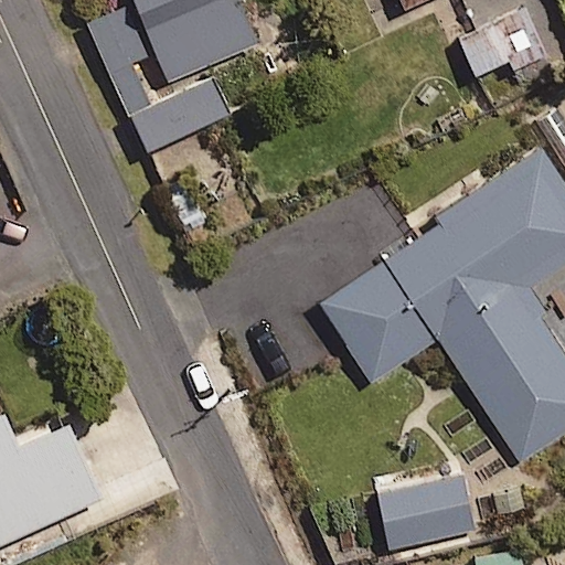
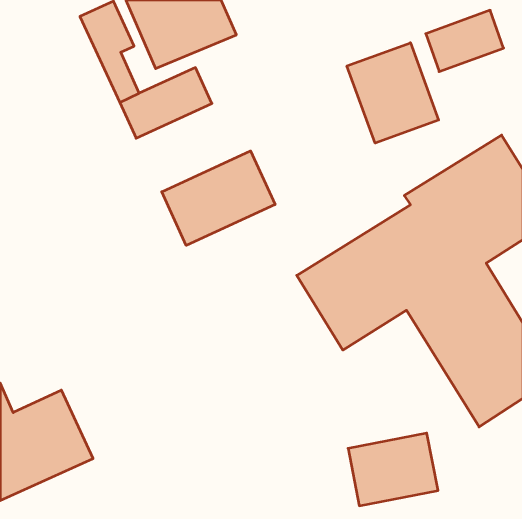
building: none -> [347,43,439,143]
building: none -> [162,151,275,245]

